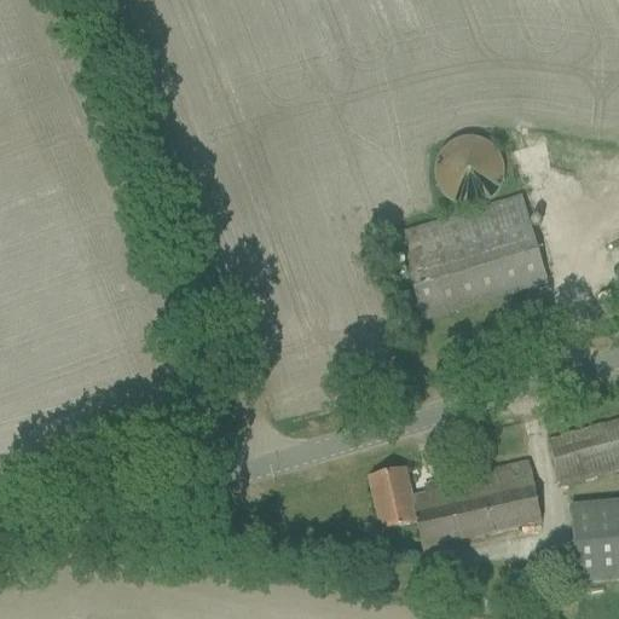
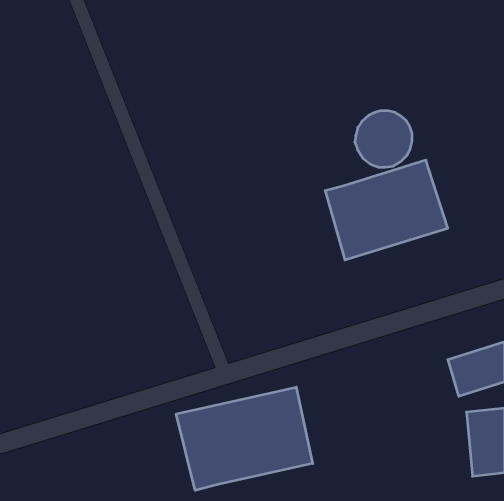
building: [370,459,543,546] -> none
building: none -> [176,387,313,490]

